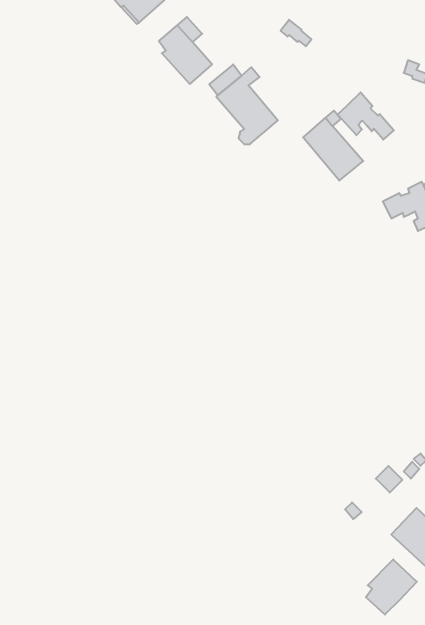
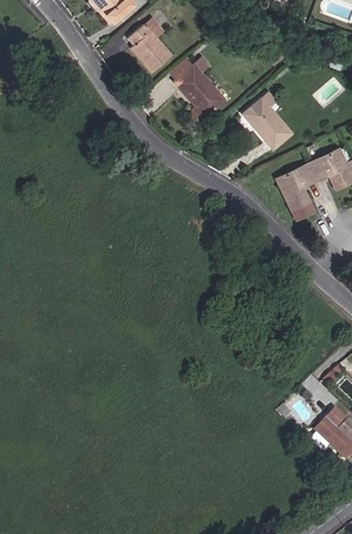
building: [337,92,394,140] -> none
building: none -> [276,165,314,219]
building: [366,559,417,615] -> none

